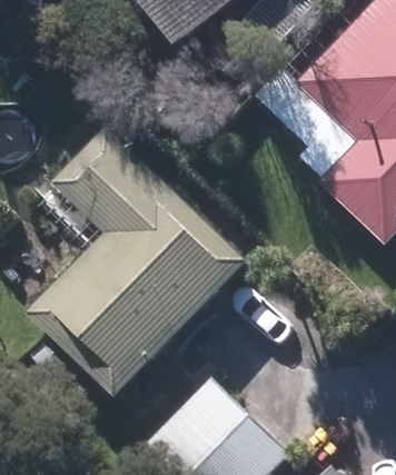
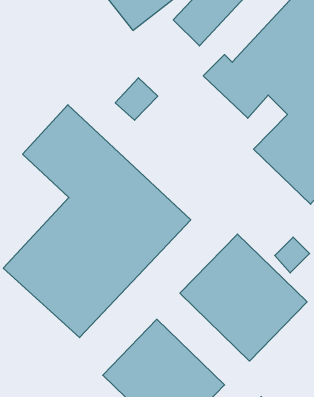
building: none -> [180,234,307,361]

